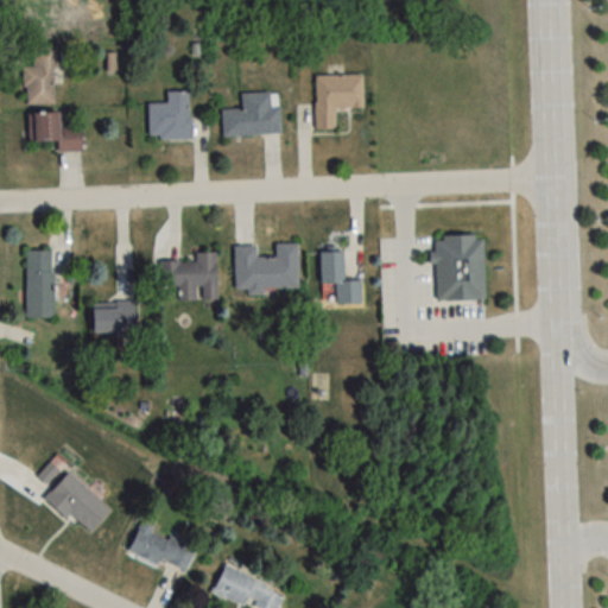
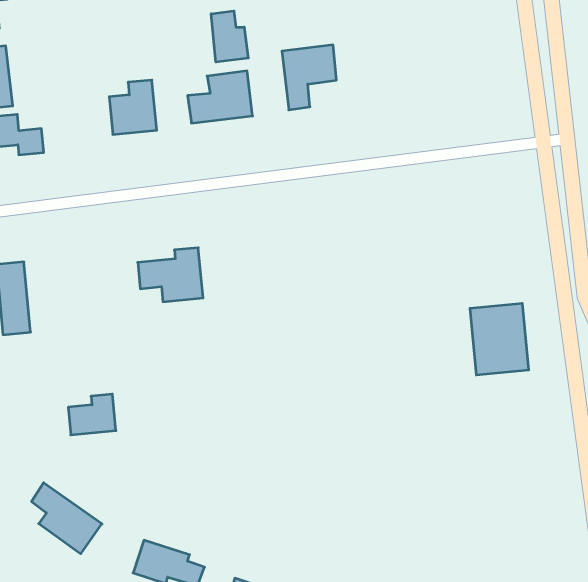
building: none -> [211,11,248,62]
building: [436,236,486,299] -> [470,303,529,375]
building: [235,243,298,290] -> none
building: [321,251,362,303] -> none
building: [93,300,135,335] -> [68,394,116,435]

